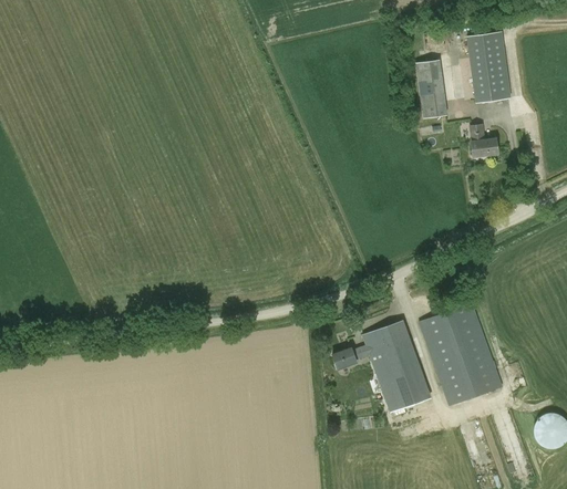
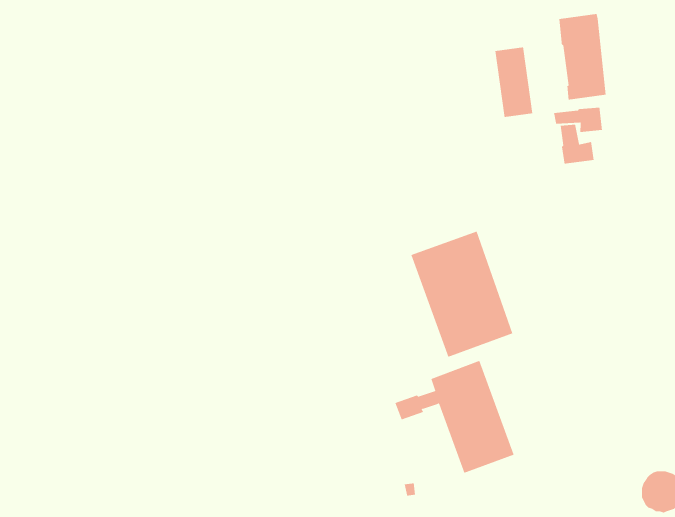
building: none -> [553,107,602,133]
building: [417,301,503,406] -> [410,231,513,358]

